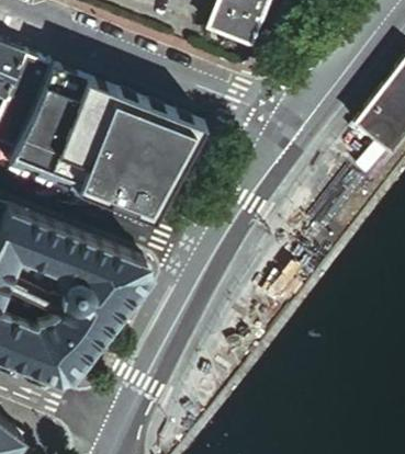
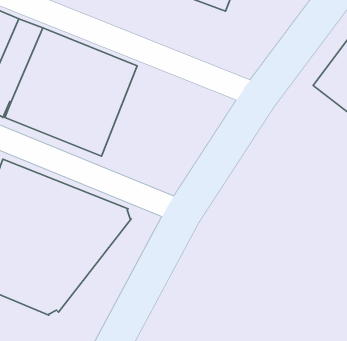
building: [114,106,203,220] -> none

